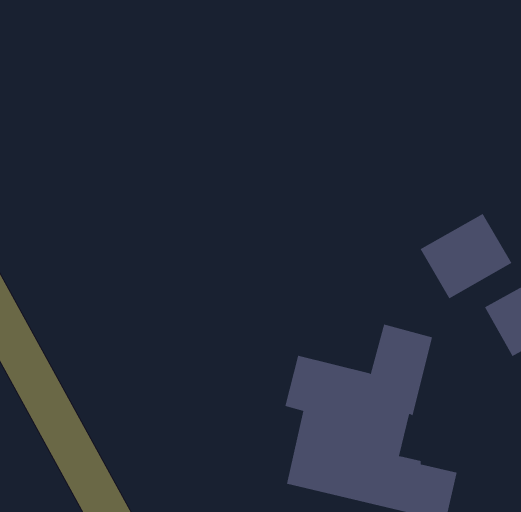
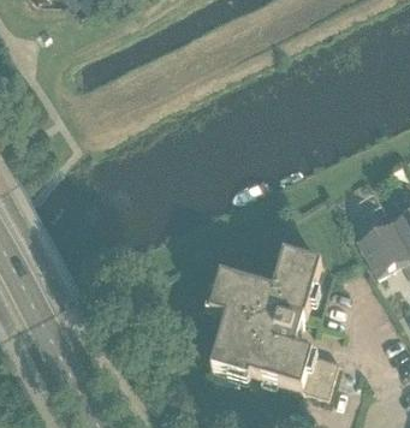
building: [420,213,512,299] -> none

